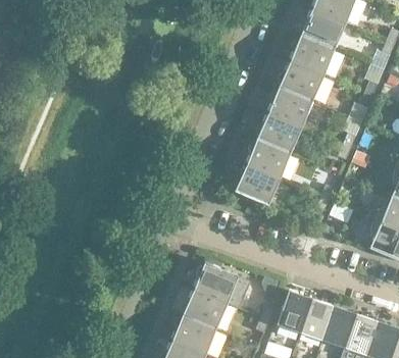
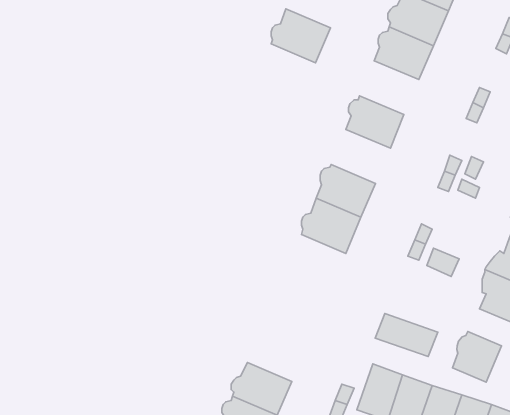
building: [279,61,323,102] -> [271,9,330,63]
building: [256,113,302,154] -> none
building: none -> [375,314,438,356]
building: [194,262,239,304] -> none
building: none -> [453,332,501,382]

